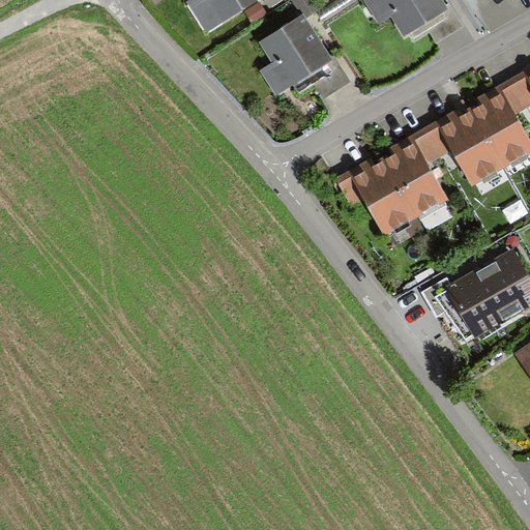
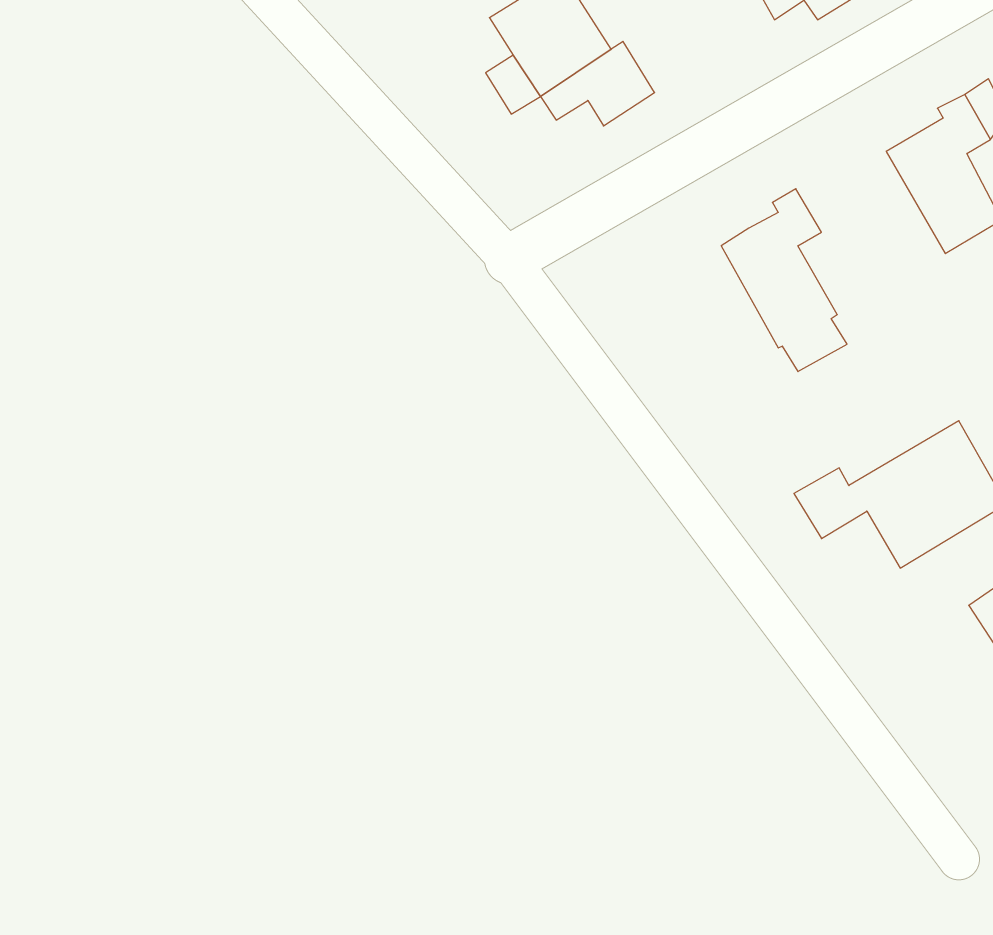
building: [423,111,502,183] -> none
building: [336,160,414,232] -> none

